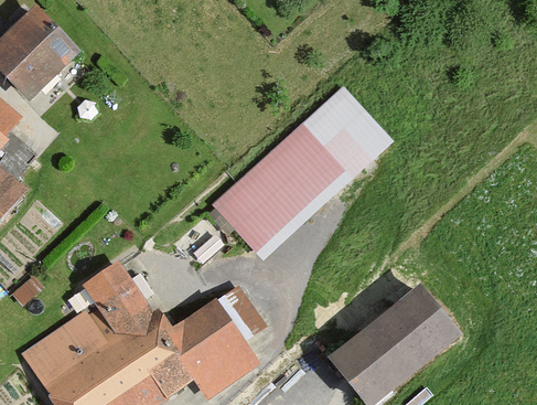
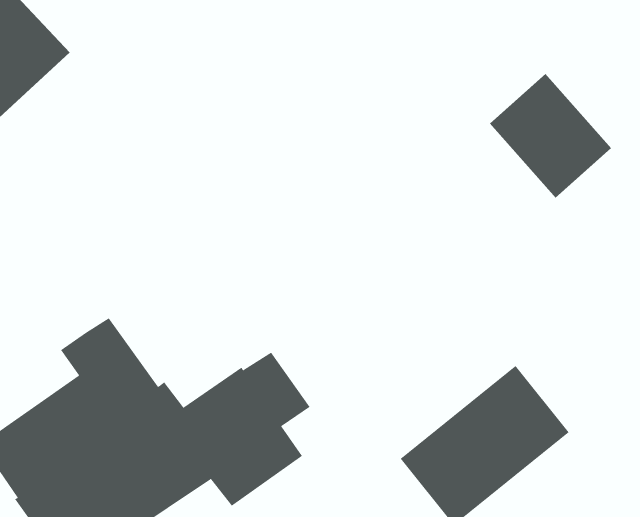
building: none -> [489,73,612,199]
building: [212,85,396,263] -> none

